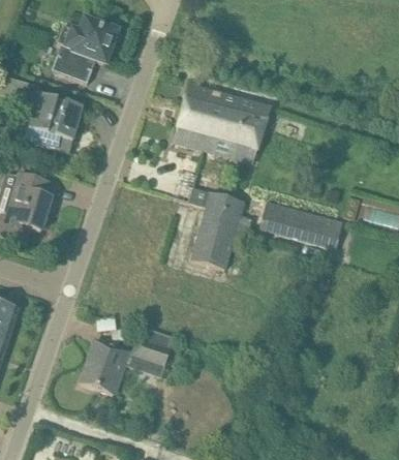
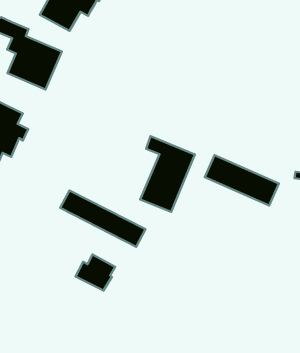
building: [174,84,271,163] -> none
building: none -> [60,190,146,247]
building: [81,340,128,394] -> none

